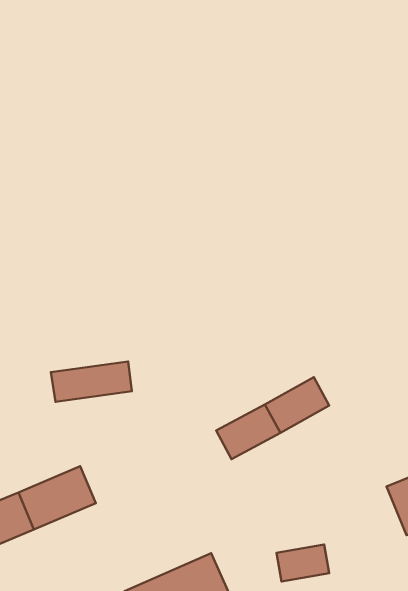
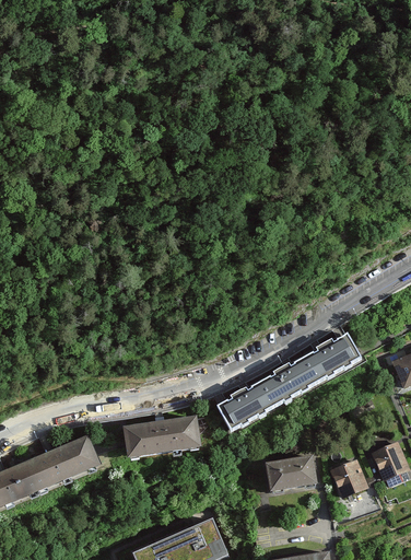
building: none -> [305,329,361,380]
building: [51,361,132,402] -> [122,415,197,452]
building: none -> [329,459,372,503]
building: [277,545,329,581] -> [266,452,314,486]

